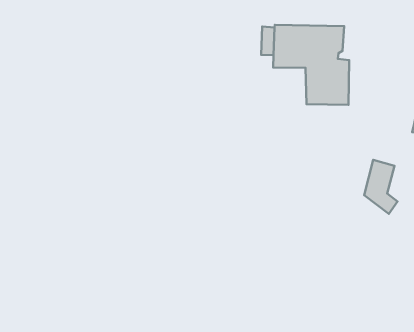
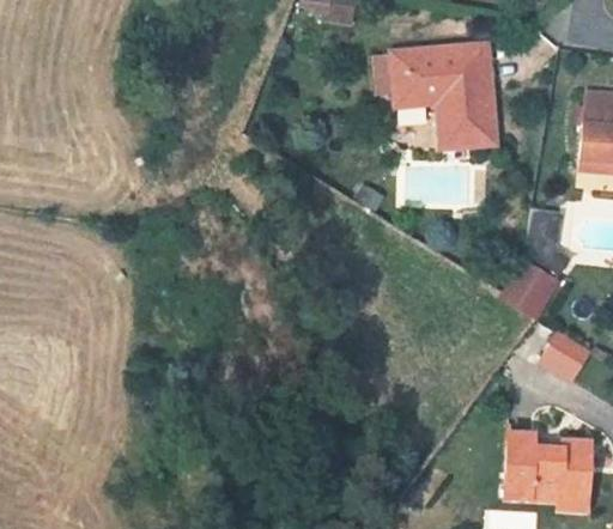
building: none -> [500,259,559,316]
building: none -> [541,330,590,379]

